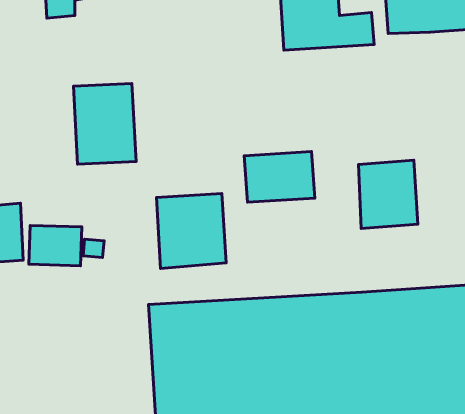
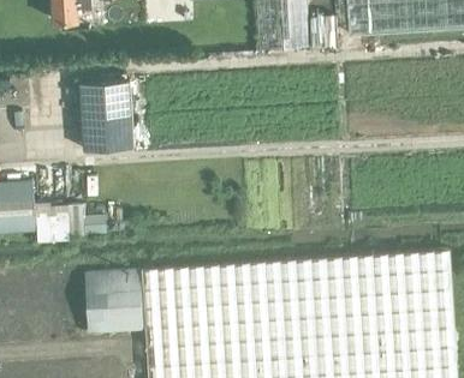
building: [244,152,315,202] -> none
building: [358,160,418,229] -> none
building: [156,193,226,268] -> [84,270,144,335]

